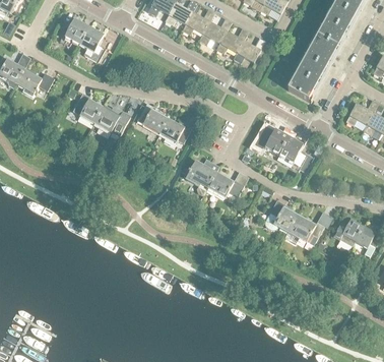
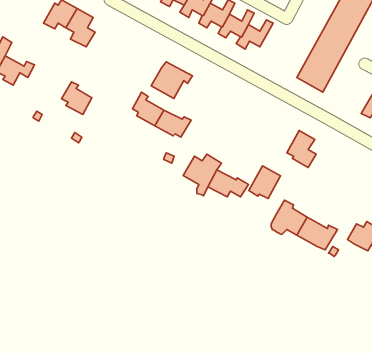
building: none -> [151,62,192,98]
building: [93,107,126,132] -> none
building: [260,127,289,157] -> [249,166,280,199]

